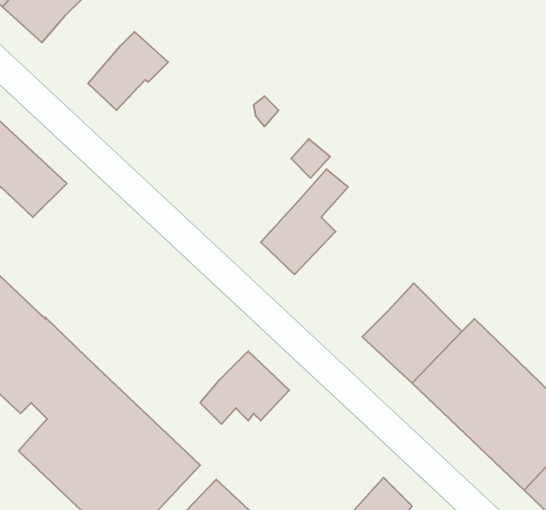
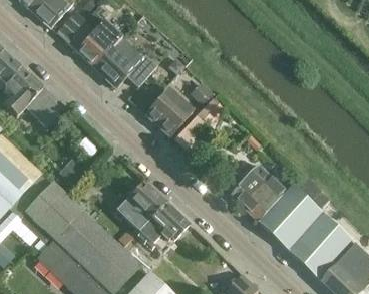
building: none -> [56,11,102,50]
building: none -> [92,38,156,86]
building: none -> [144,90,191,136]
building: none -> [118,180,166,227]

